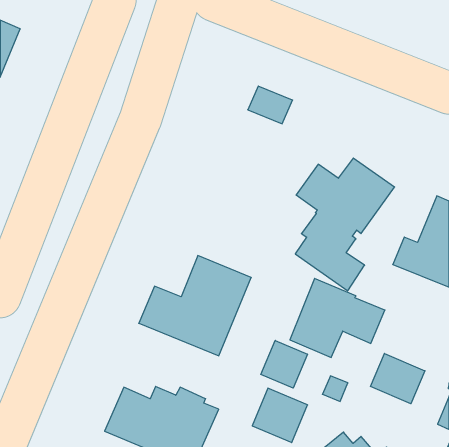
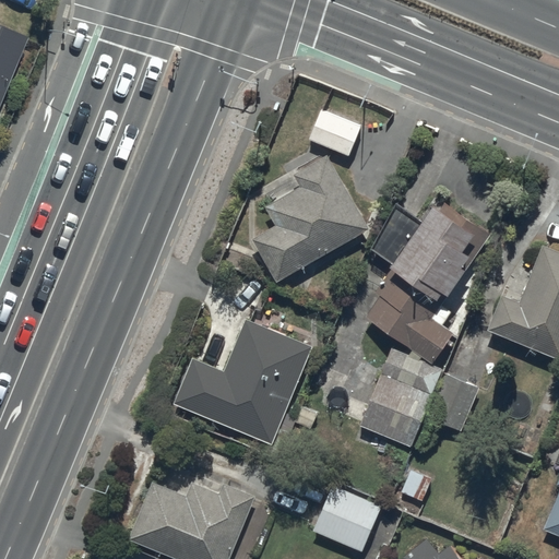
building: none -> [252,154,369,281]
building: [261,340,307,388] -> none
building: [370,353,425,404] -> none

